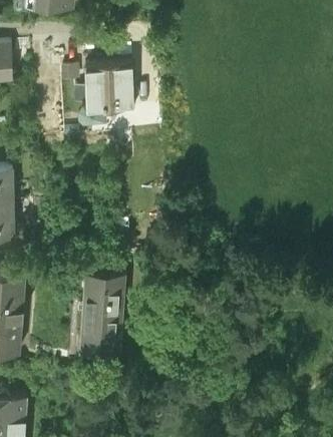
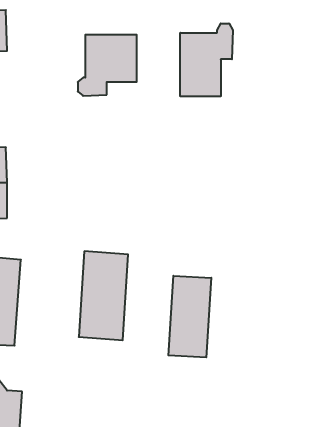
building: none -> [180,23,233,96]
building: none -> [168,276,211,357]

